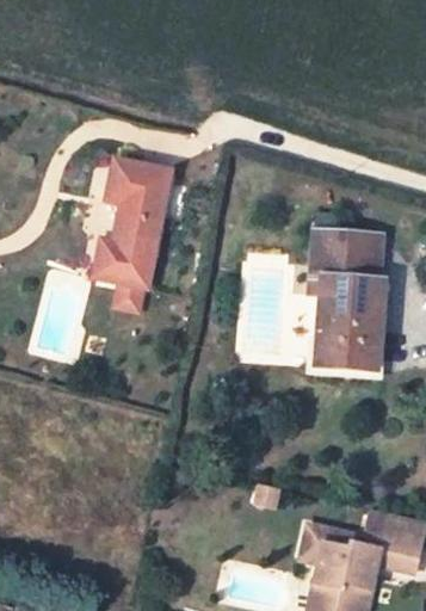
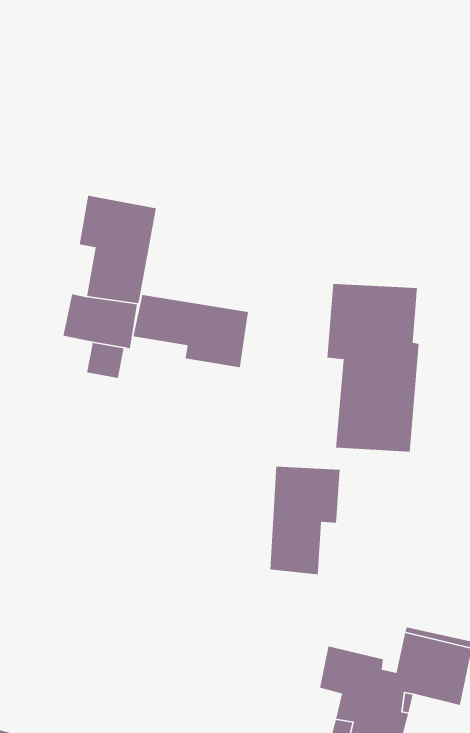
building: none -> [132,294,249,368]
building: none -> [269,466,341,575]

